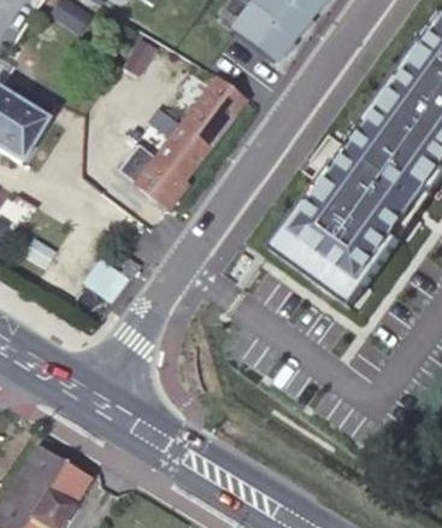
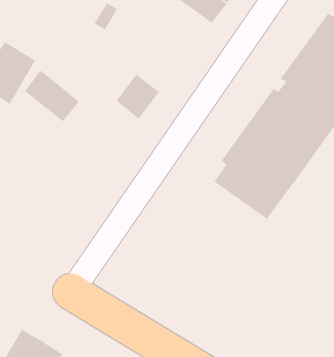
building: [179,74,246,143] -> none
building: [117,141,187,207] -> [24,70,79,122]

